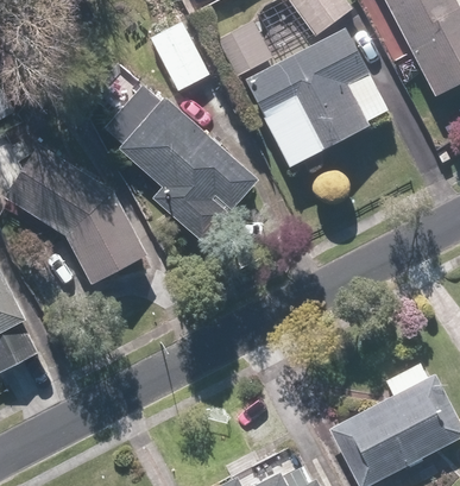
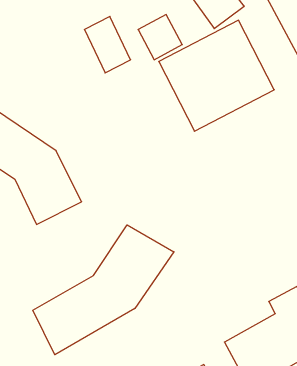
building: [90,68,258,242] -> none
building: none -> [33,225,174,355]

